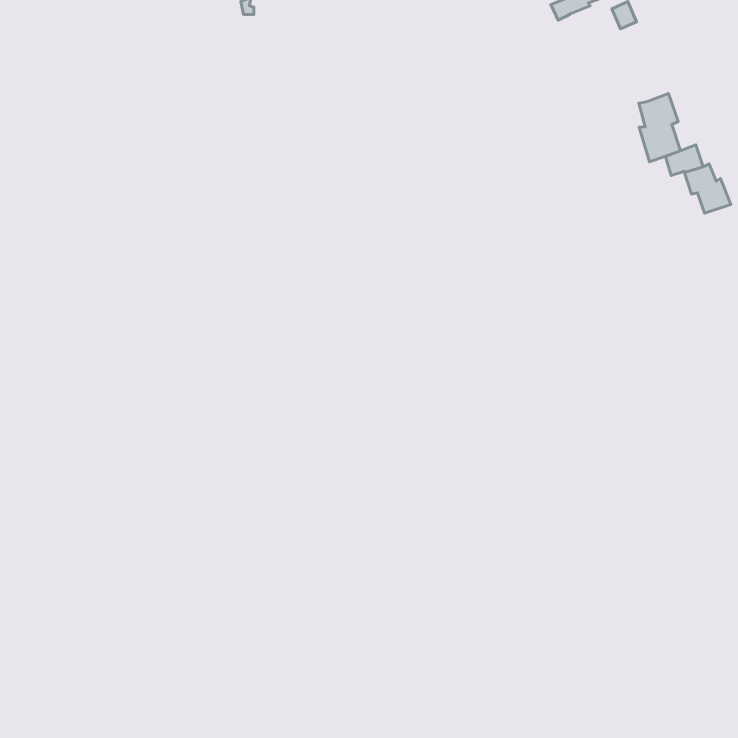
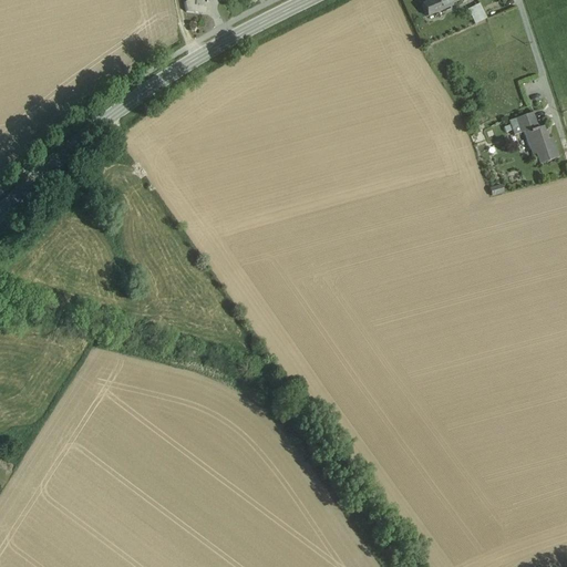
building: [639,93,680,162] -> none

